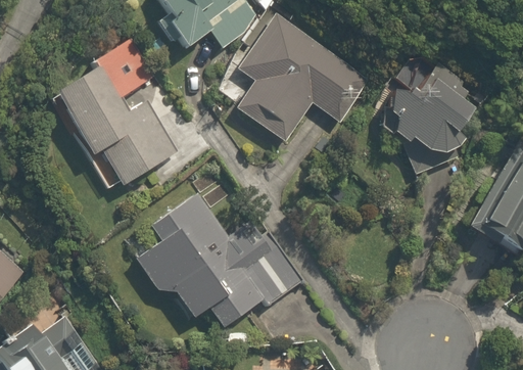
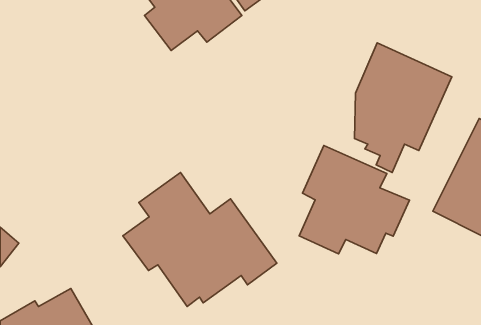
building: [234,11,367,142] -> none
building: [58,32,188,193] -> none
building: none -> [299,145,410,254]

